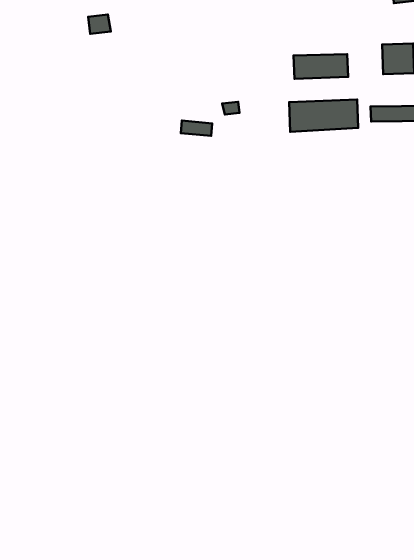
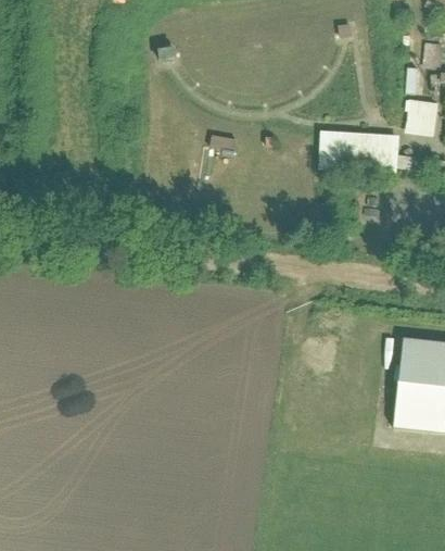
building: [293,54,348,79] -> none

